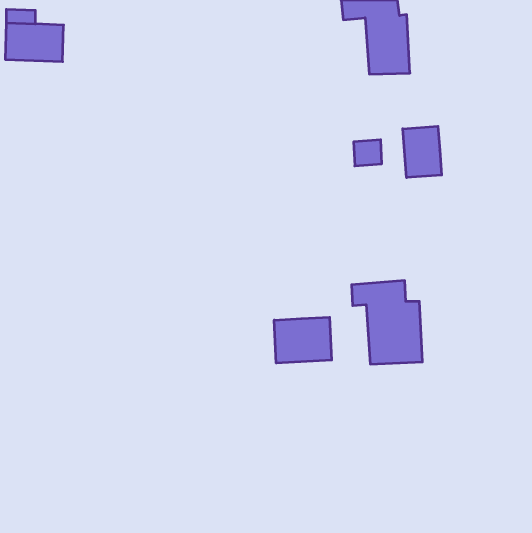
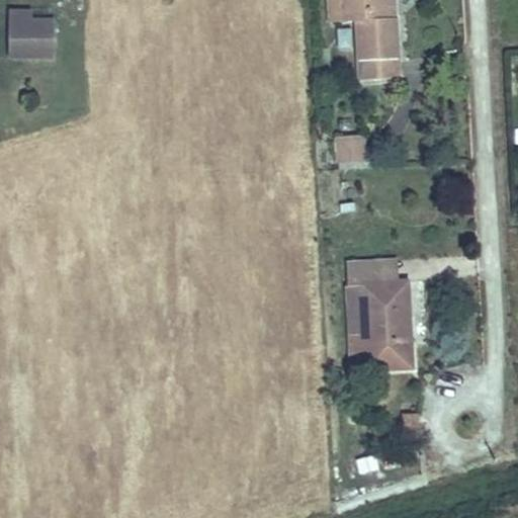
building: [403,126,442,178] -> none
building: [274,317,332,363] -> none

